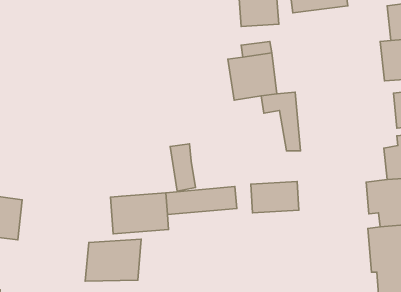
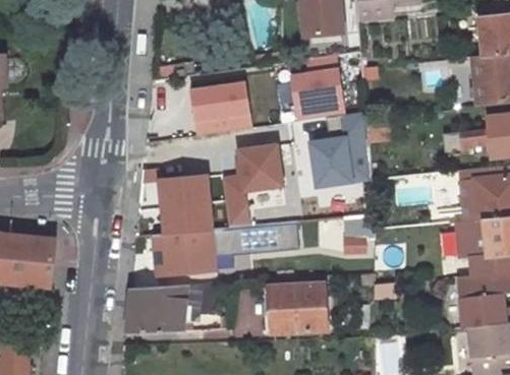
building: none -> [193,81,257,136]
building: none -> [311,136,359,190]
building: none -> [242,145,289,195]
building: none -> [163,175,219,236]
building: none -> [267,282,325,330]

